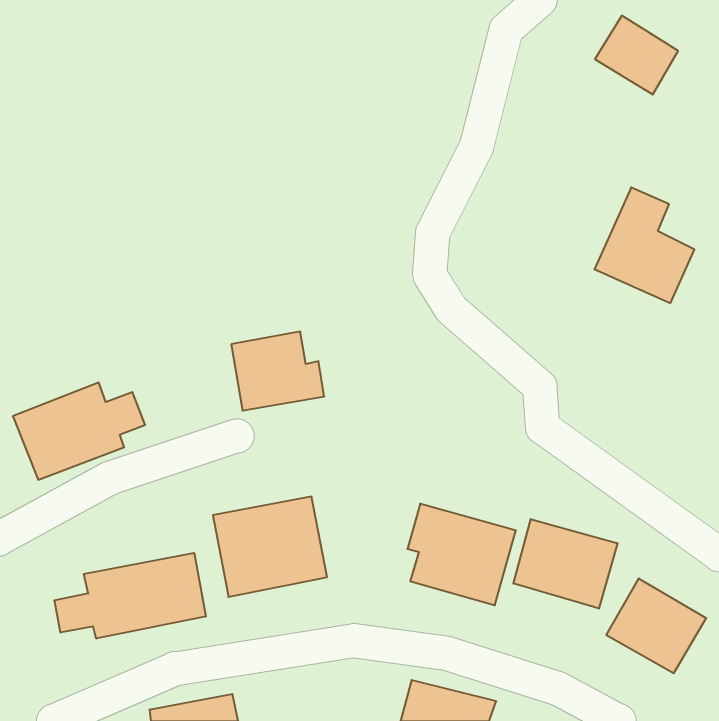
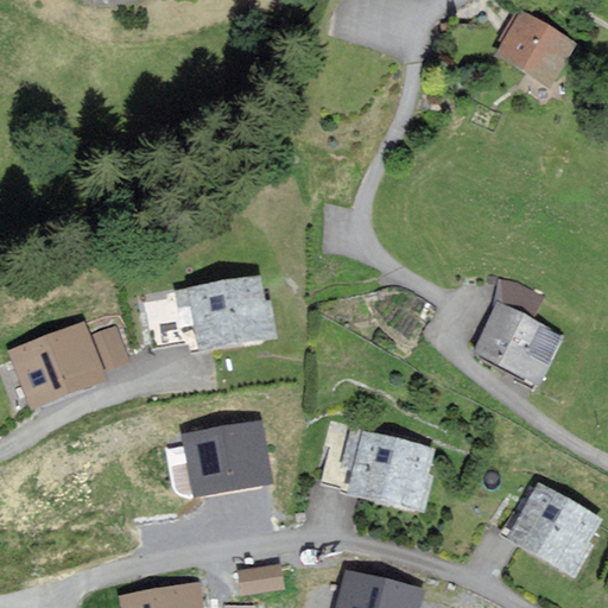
building: [594,187,694,303] -> [474,284,558,381]
building: [513,519,617,609] -> none
building: [54,553,206,639] -> none
building: none -> [235,560,285,595]

